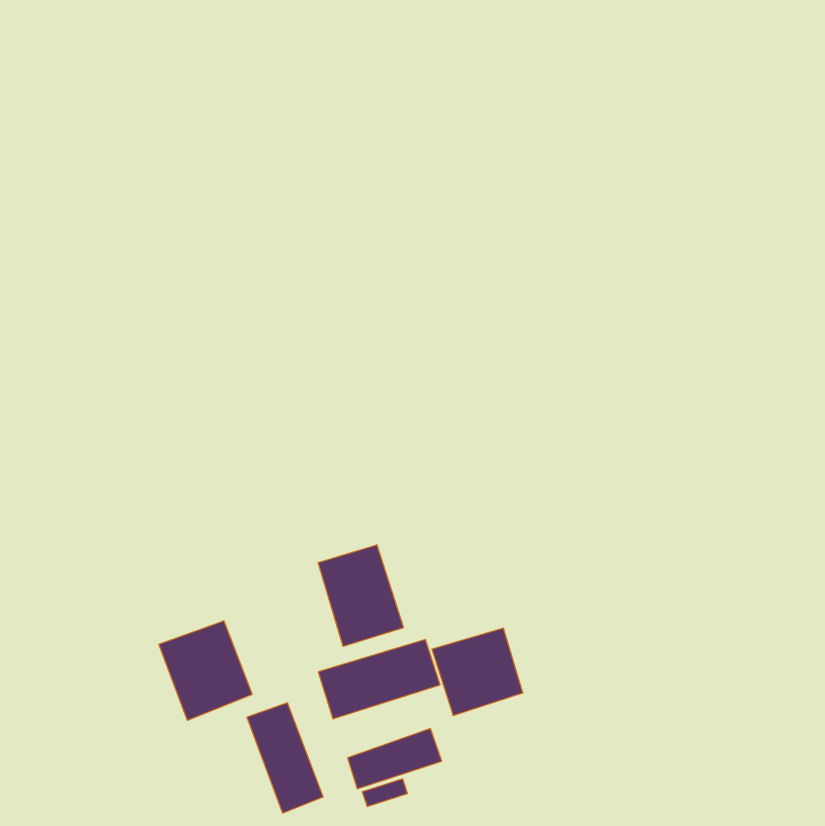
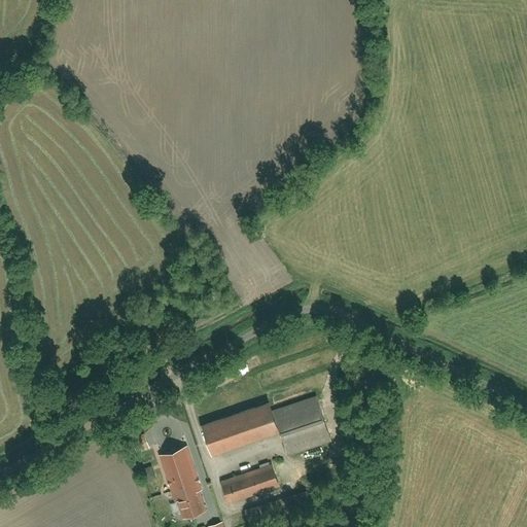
building: [318,545,403,646] -> none
building: [159,621,252,720] -> none

